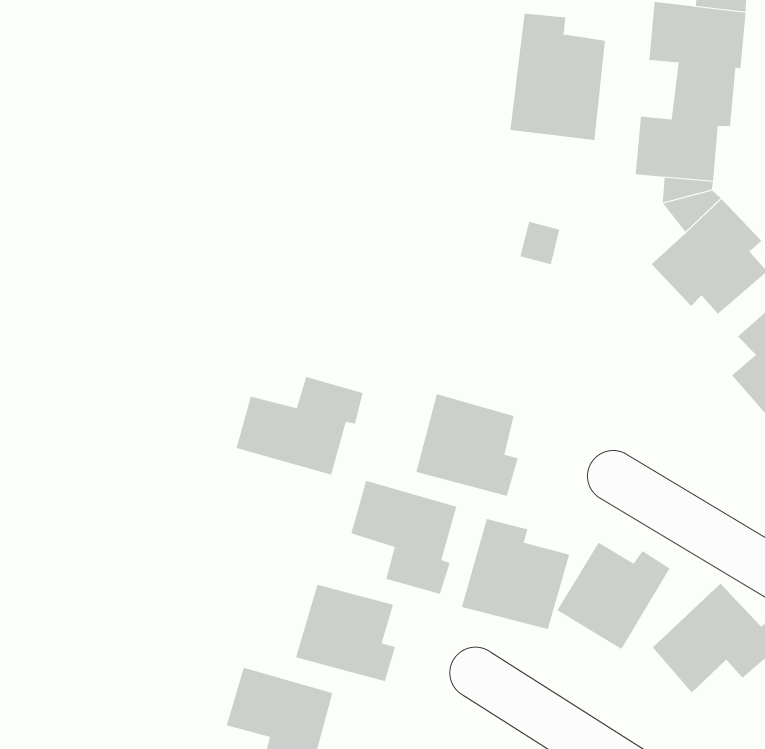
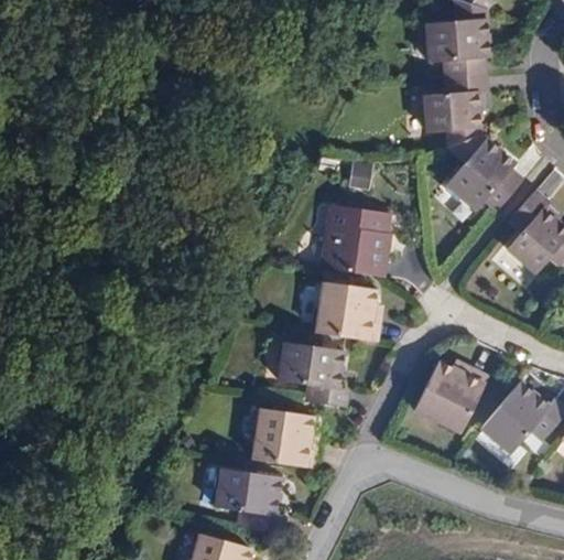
building: [510,13,605,141] -> none
building: none -> [322,204,390,277]
building: [236,376,363,475] -> none
building: [461,518,570,630] -> none

